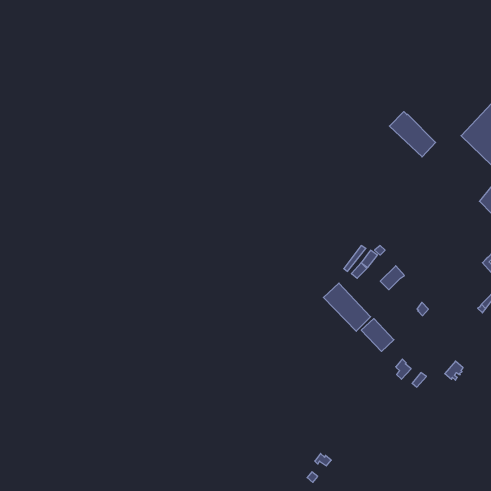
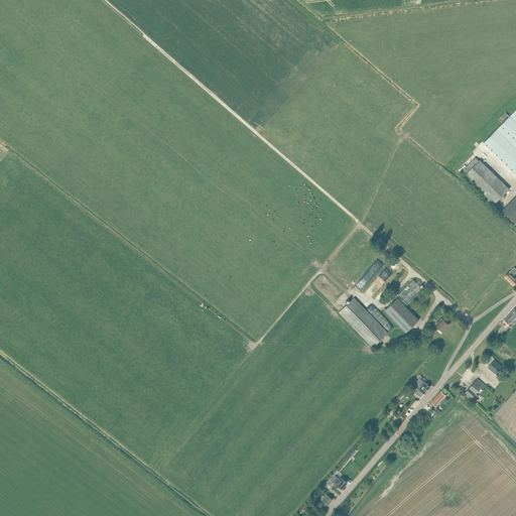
building: [389,112,436,157] -> [462,156,510,204]
building: [361,319,394,351] -> [386,297,420,332]

